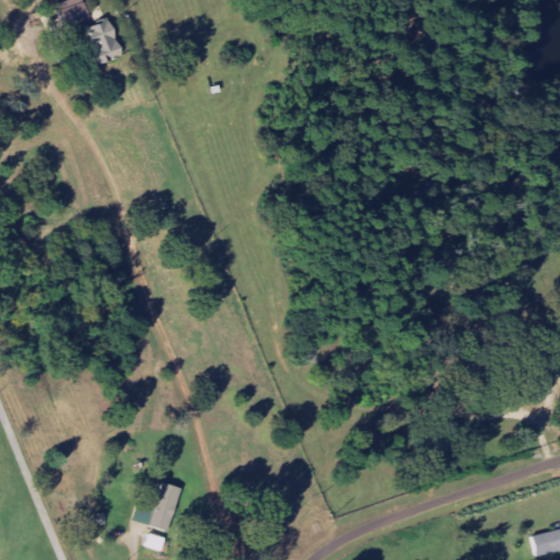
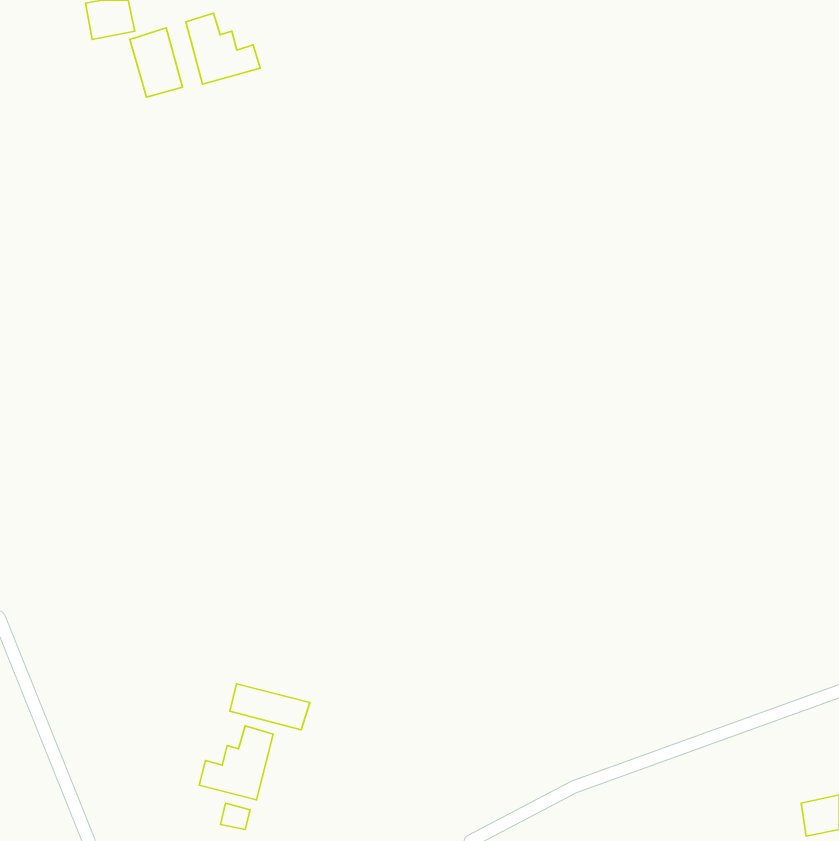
building: none -> [186,13,260,84]
building: none -> [230,684,310,730]

